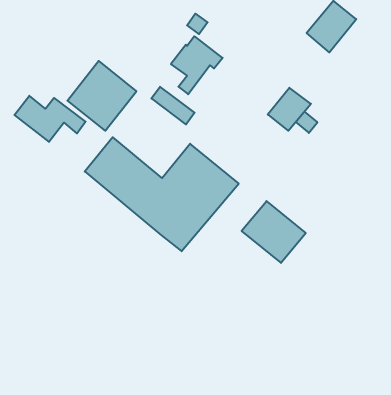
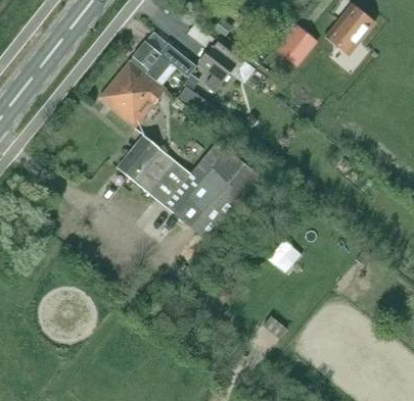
building: [268,88,311,131] -> [276,23,317,64]
building: [14,96,86,142] -> [129,42,196,86]
building: [242,201,306,263] -> none

